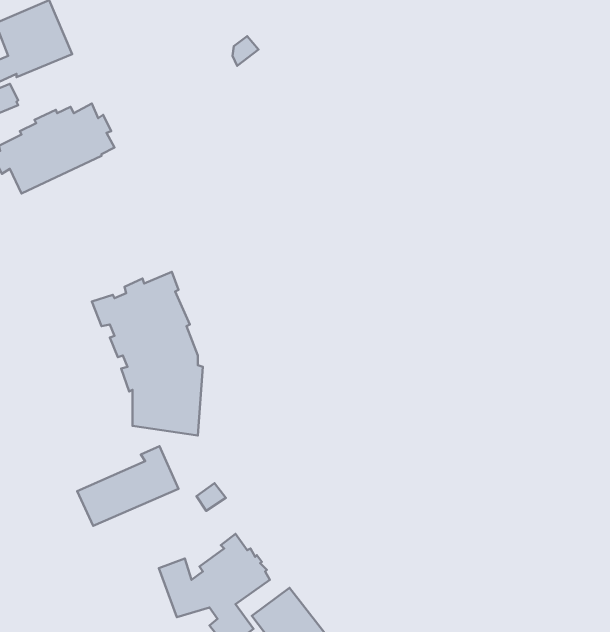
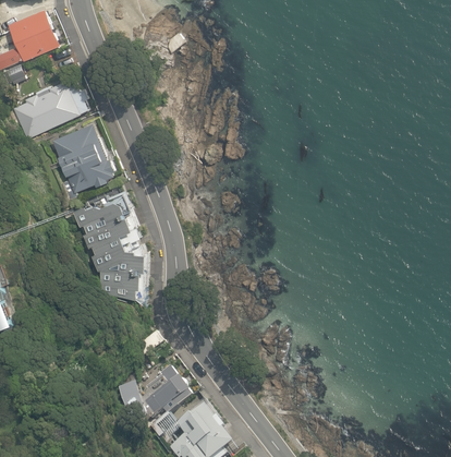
building: none -> [51,124,120,202]
building: [77,446,179,526] -> none

